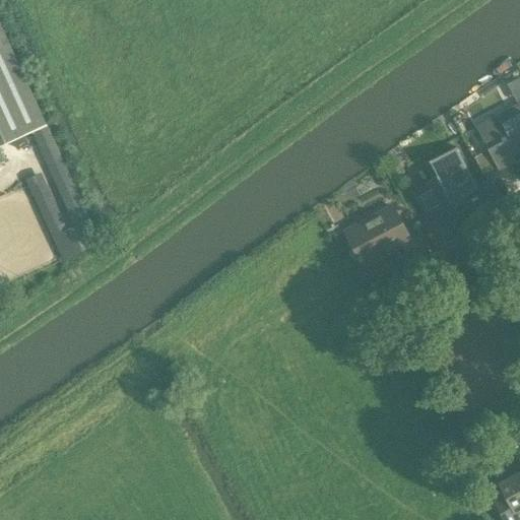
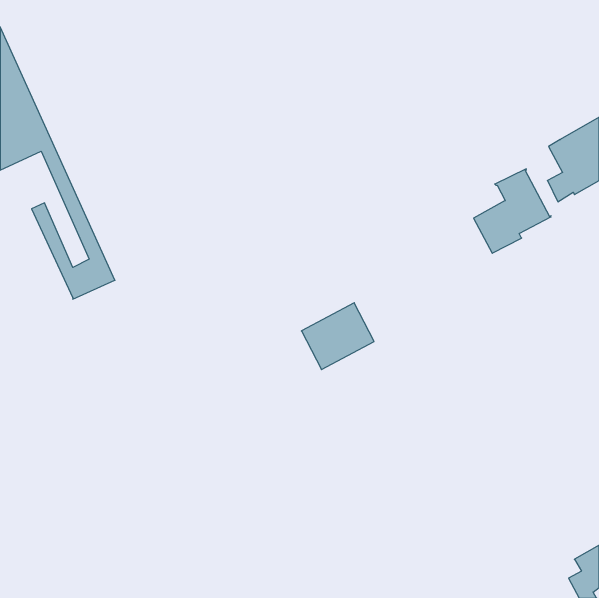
building: [345,206,408,264] -> [301,303,374,370]

